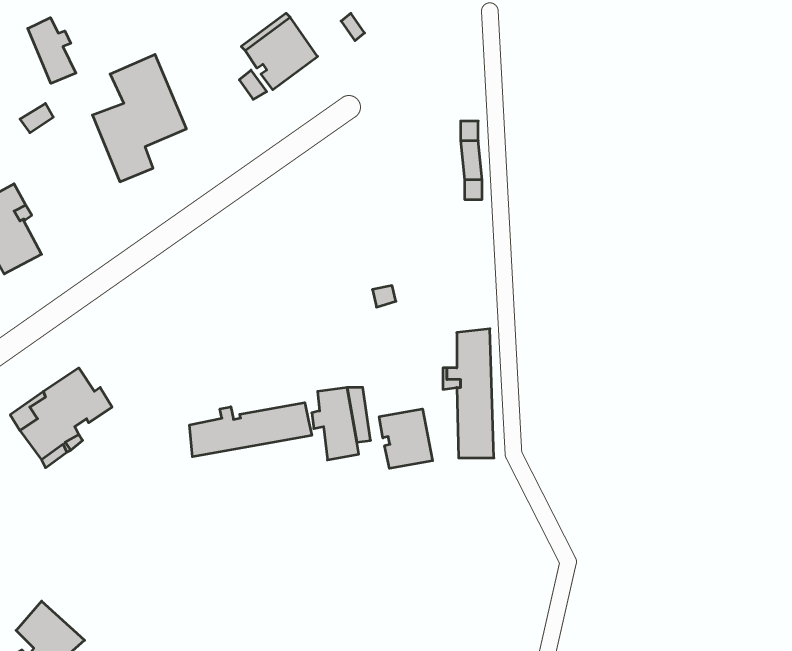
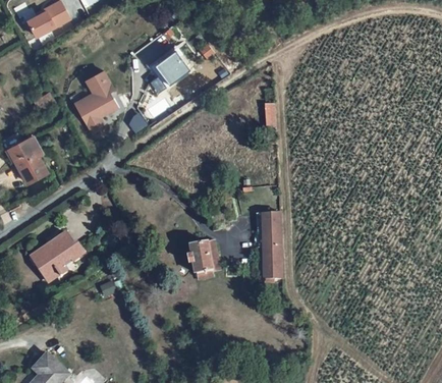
building: [28,18,76,83] -> none
building: [190,403,312,457] -> none
building: [379,409,433,468] -> none

